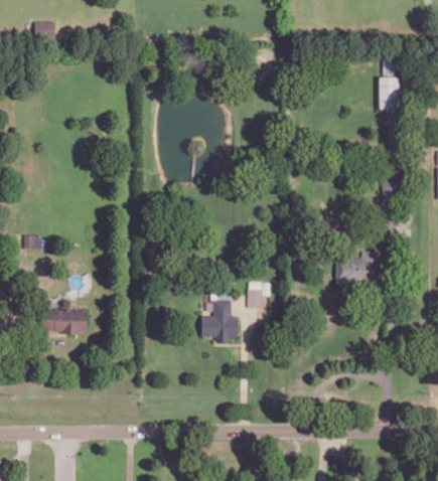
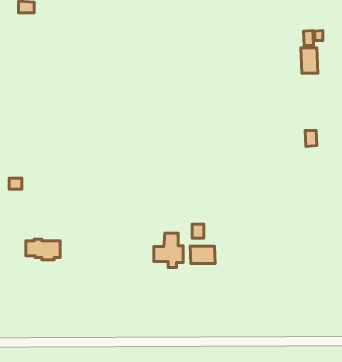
building: [337,250,377,286] -> none
building: none -> [190,246,215,264]

